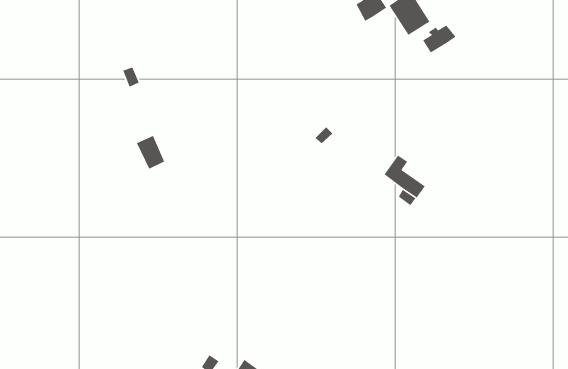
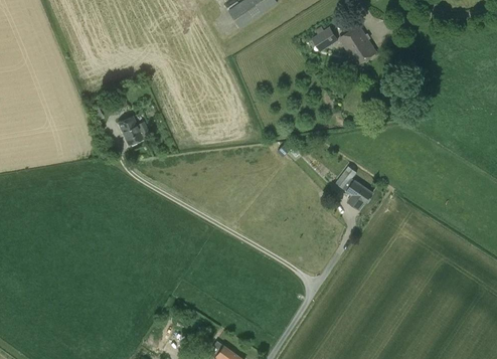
building: [422,24,456,53] -> none
building: [136,135,165,170] -> [118,116,143,146]

